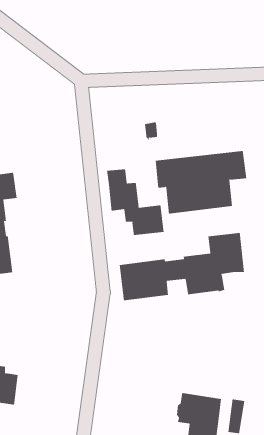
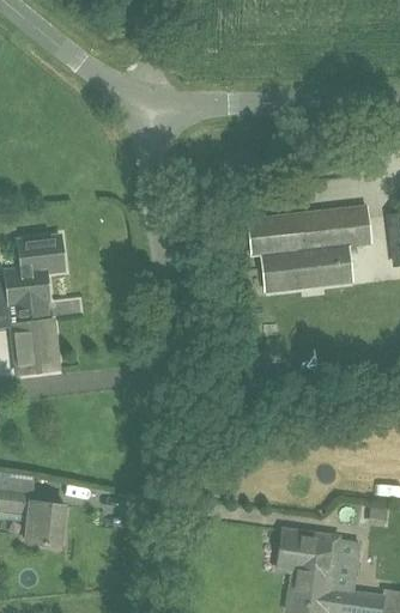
building: [107,168,164,236] -> none
building: [119,232,245,301] -> none

